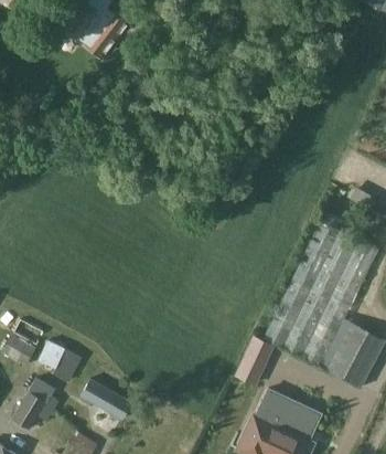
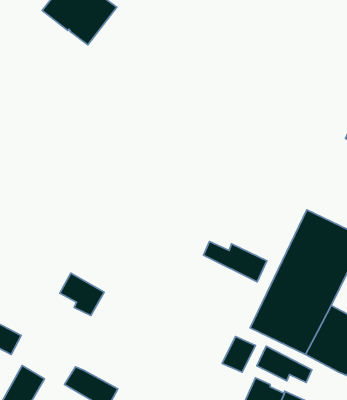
building: none -> [203,241,267,282]
building: [39,340,83,382] -> [60,273,104,315]
building: none -> [257,346,312,383]

